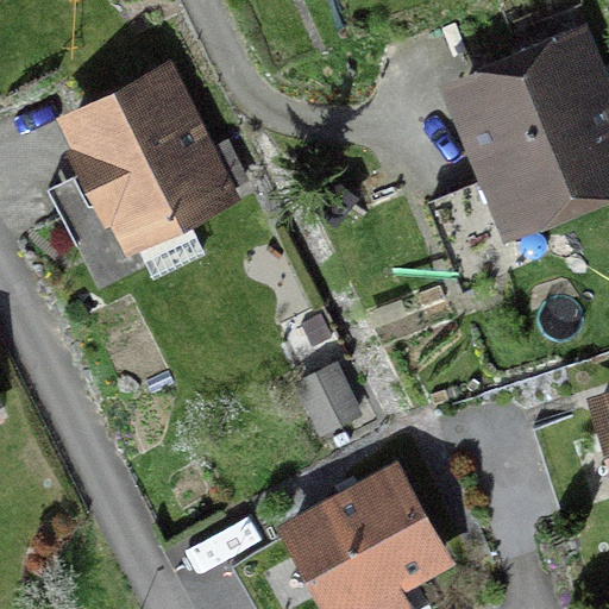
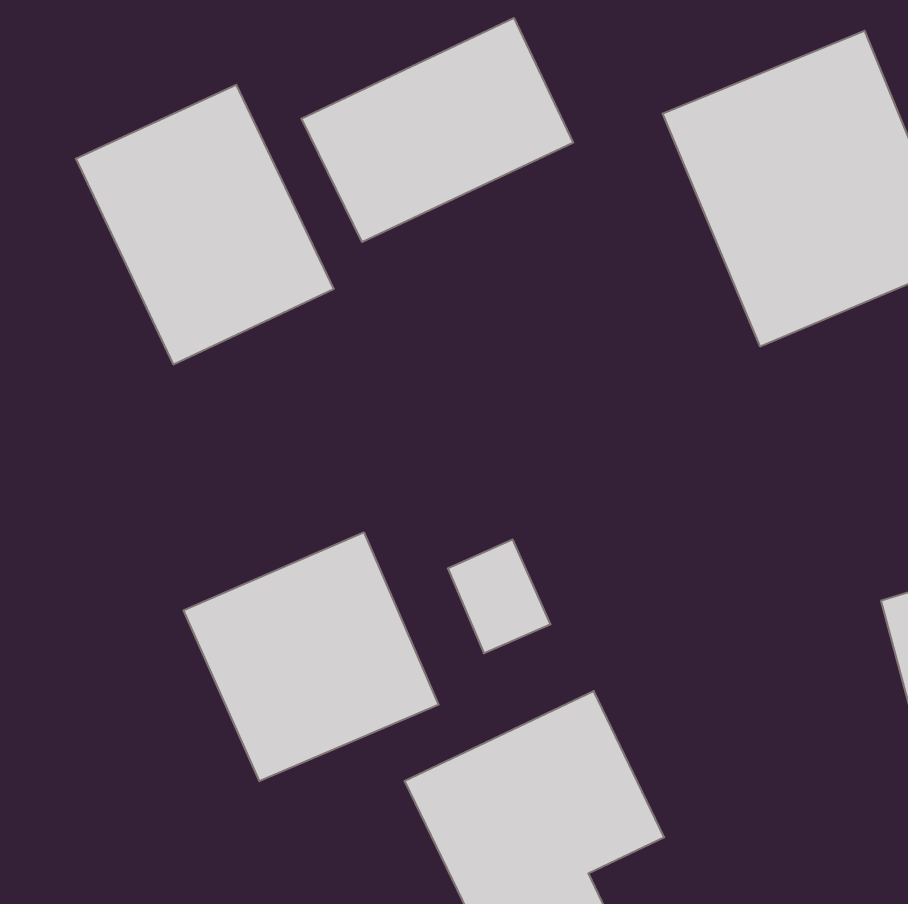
building: none -> [301,18,573,242]
building: none -> [184,532,439,781]

